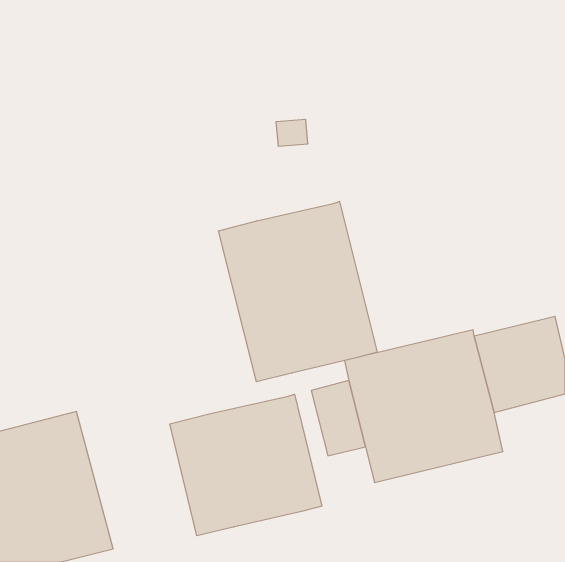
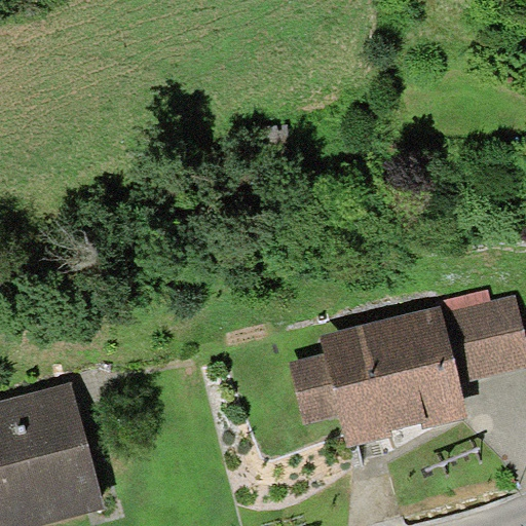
building: [219,201,377,382] -> none
building: [170,394,322,536] -> none

